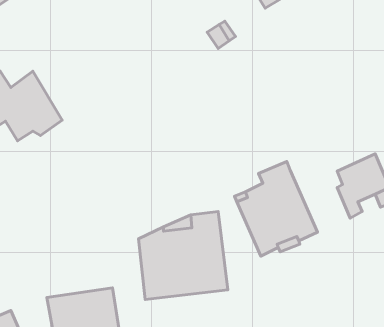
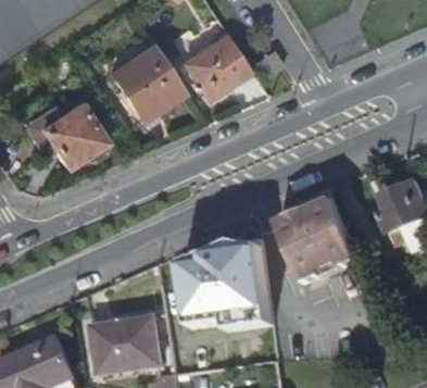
building: none -> [180,34,248,97]
building: none -> [103,42,180,120]

